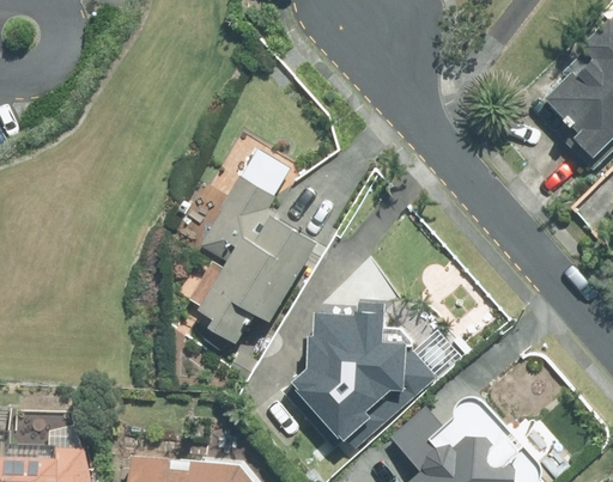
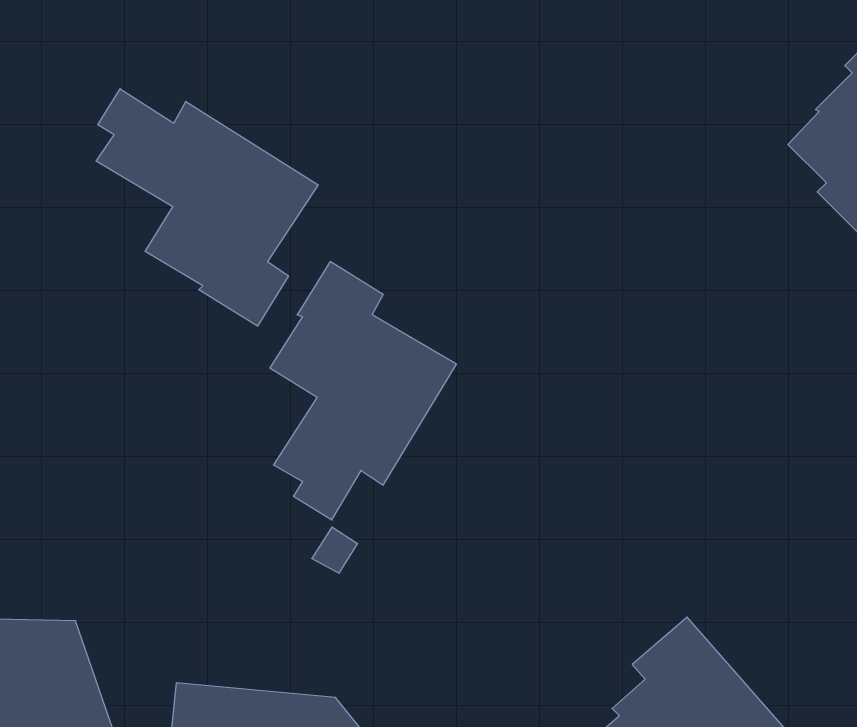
building: none -> [96,89,318,326]
building: [279,310,432,449] -> none

